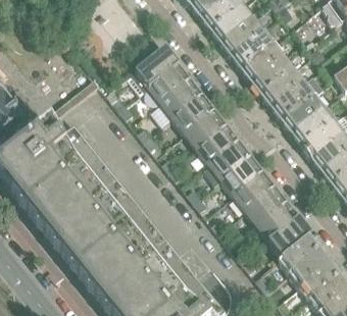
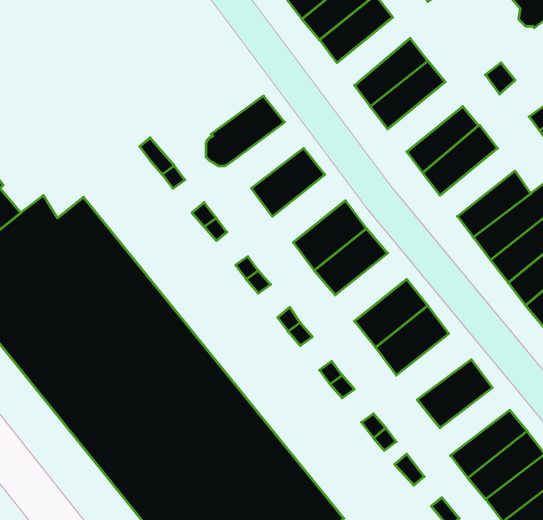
building: [221,15,264,55] -> none
building: [127,44,179,91] -> none
building: [251,53,295,94] -> none
building: [159,76,202,115] -> none
building: [282,92,326,131] -> none
building: [184,107,227,147] -> none
building: [220,153,262,193] -> none
building: [256,200,300,239] -> none
building: [278,231,323,271] -> none

